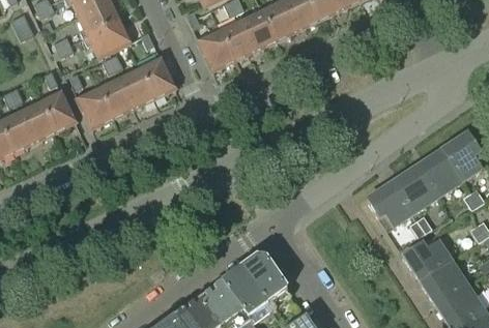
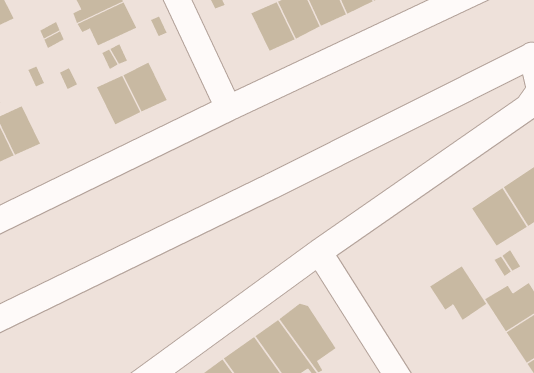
building: [198,30,233,70] -> none
building: [139,59,174,98] -> none
building: [77,88,112,127] -> none
building: [39,92,75,132] -> none
building: [366,183,411,227] -> [429,266,487,321]

